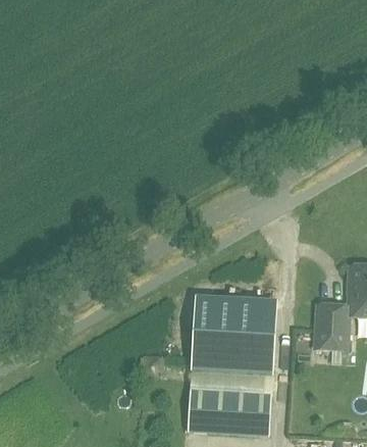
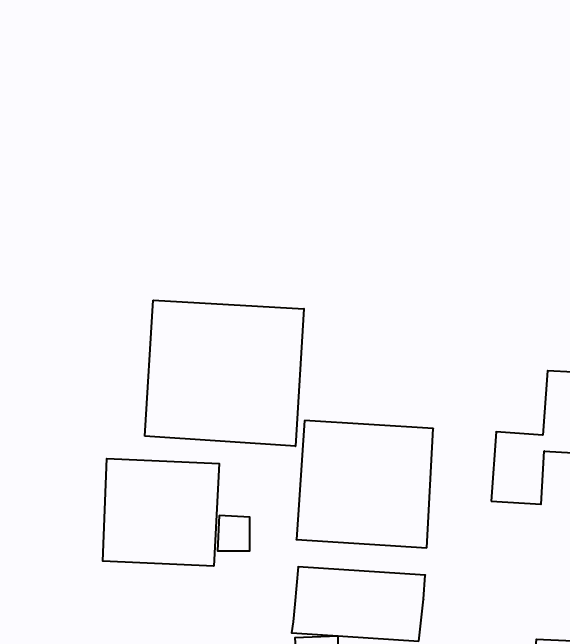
building: none -> [145,300,304,446]
building: none -> [103,459,219,566]

